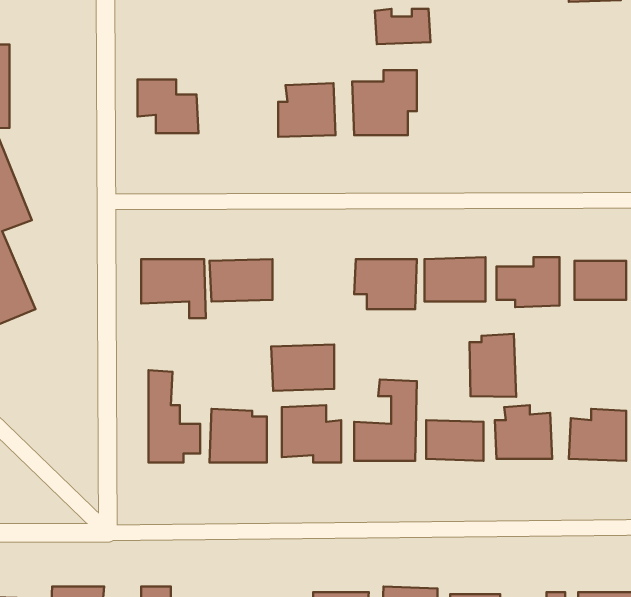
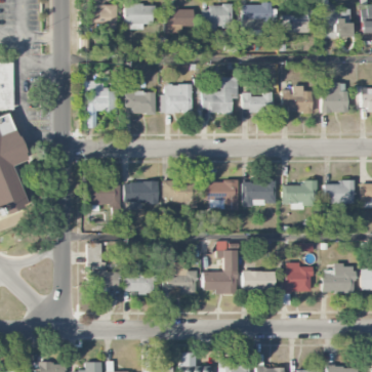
building: [375,9,430,44] -> [242,92,273,112]
building: none -> [321,83,347,113]
building: none -> [282,86,312,111]
building: none -> [126,91,156,115]
building: [470,334,516,397] -> none
building: [271,345,334,391] -> [162,180,197,206]

